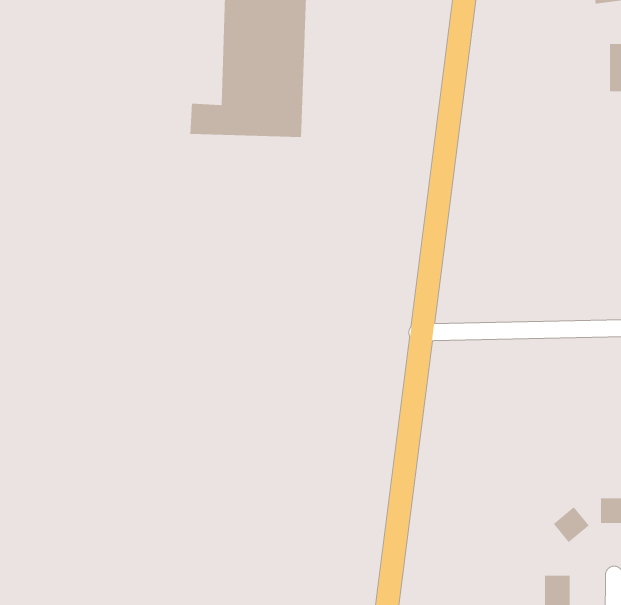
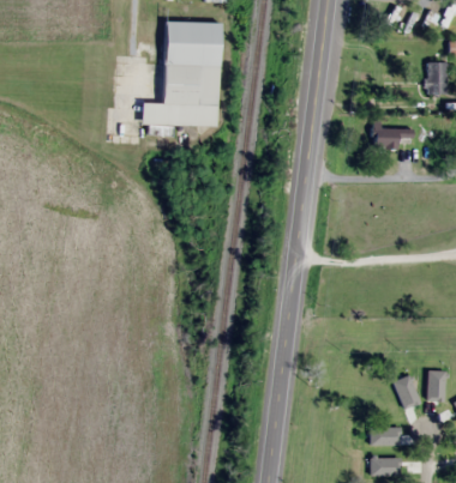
building: none -> [373,120,414,149]

